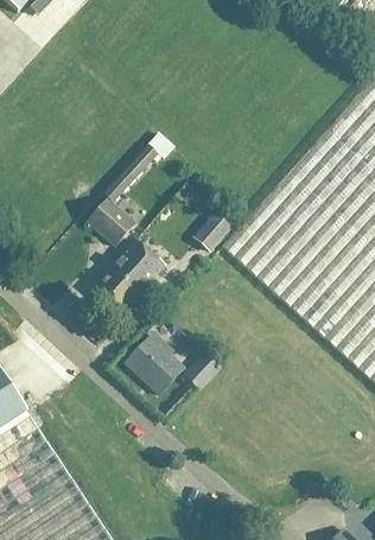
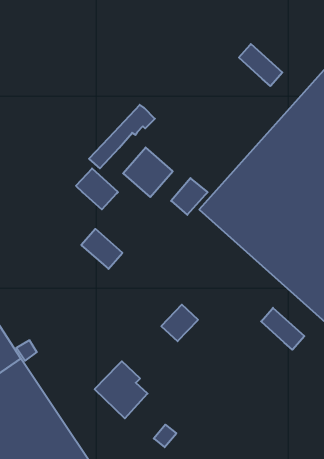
building: none -> [239,44,282,86]
building: [109,239,164,293] -> [123,147,173,197]
building: [125,330,183,393] -> [95,361,148,418]
building: none -> [261,308,304,350]

